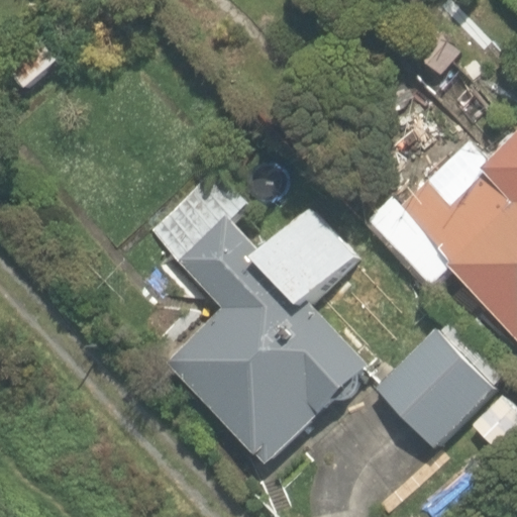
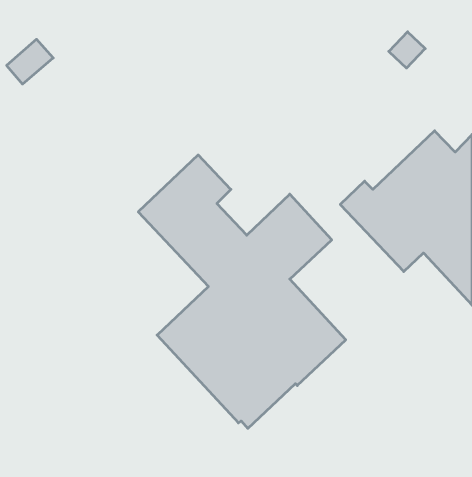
building: [377,332,496,451] -> none

